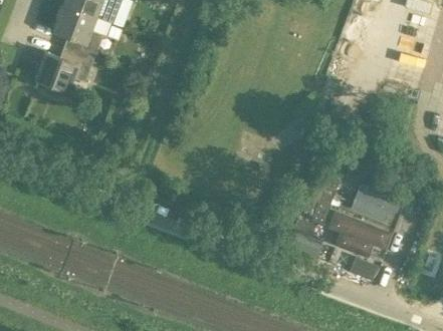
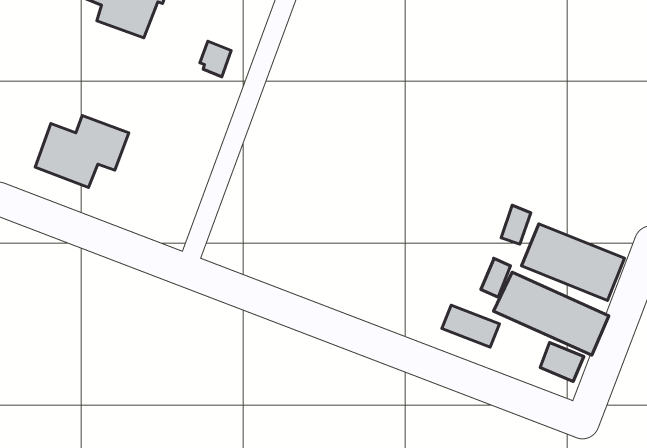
building: [33,47,93,93] -> [35,116,129,187]

